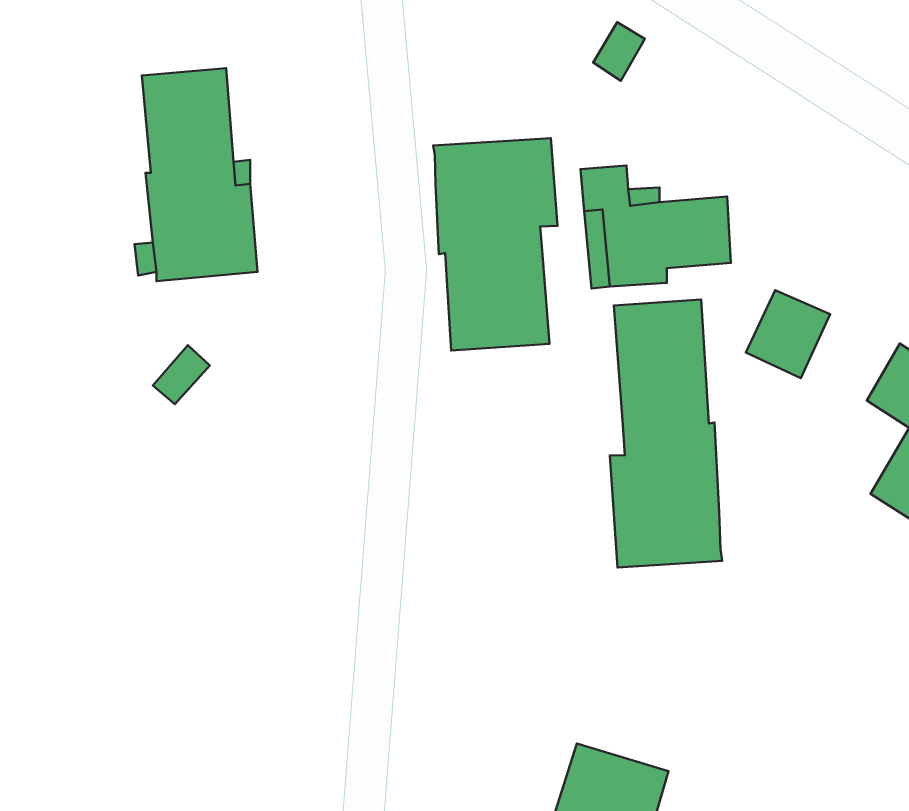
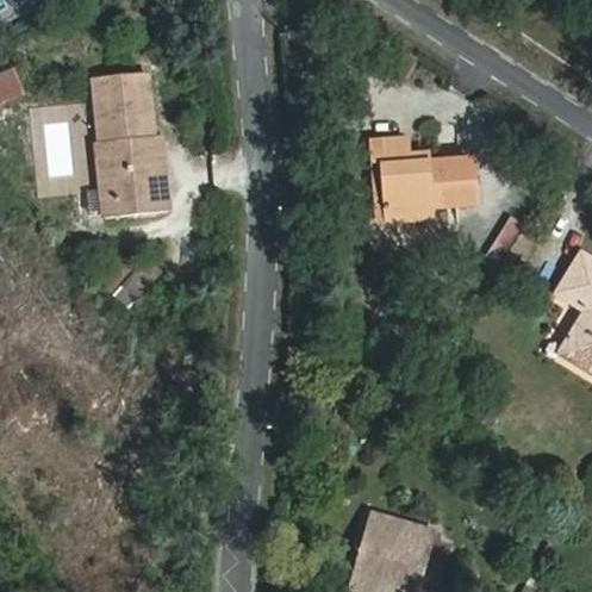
building: [433,138,557,350] -> none
building: [610,300,722,568] -> none

